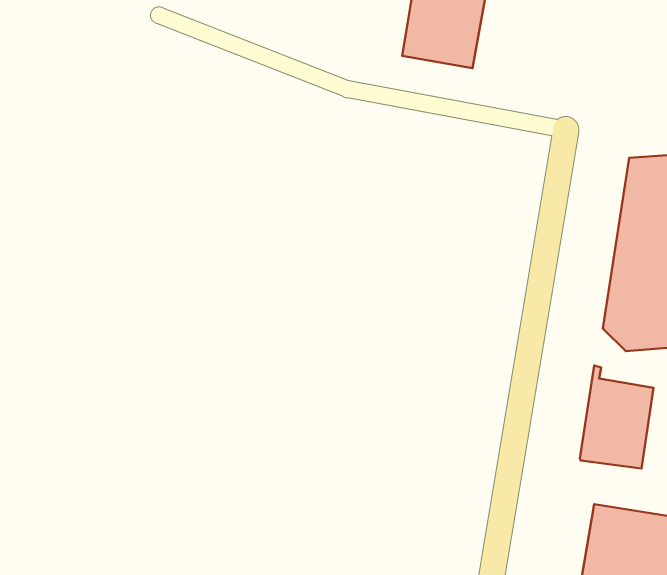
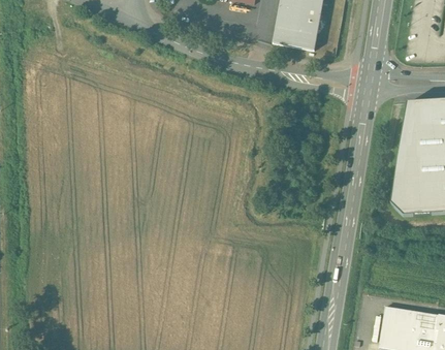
building: [580,365,653,468] -> none

